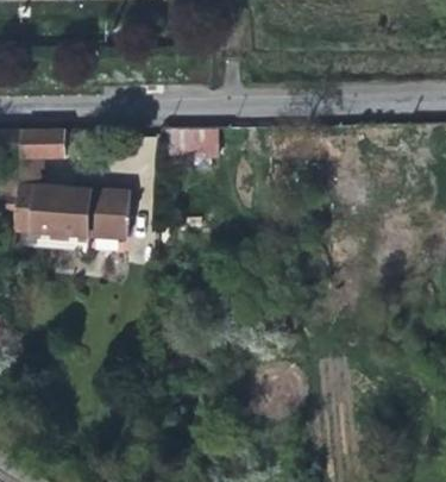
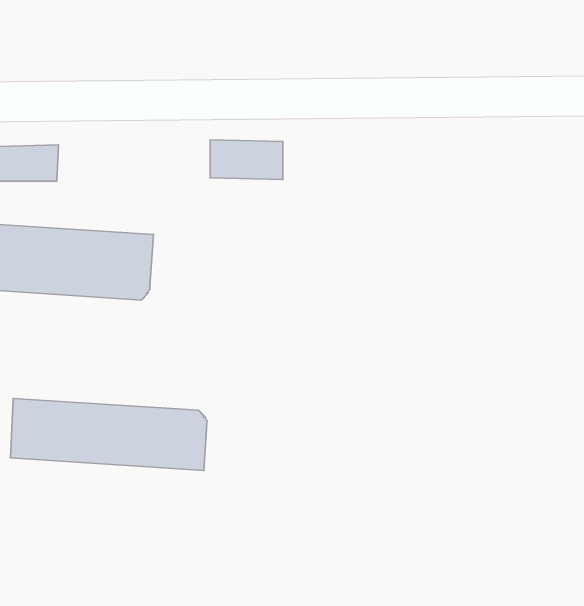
building: none -> [10,399,207,470]

